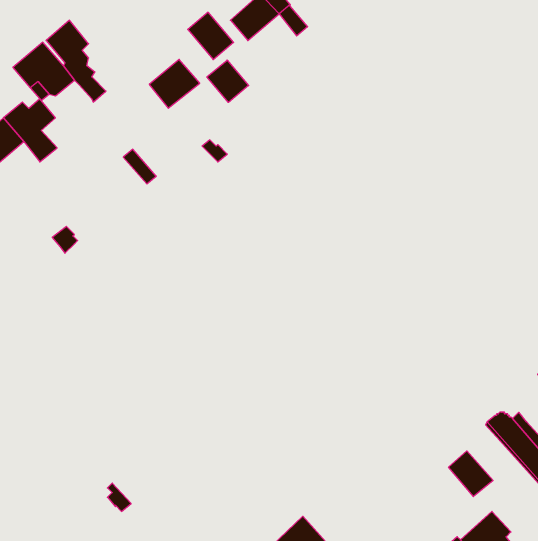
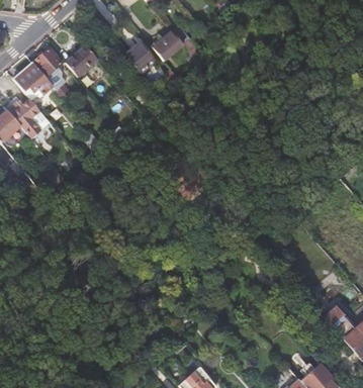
building: [149,59,200,108] -> [66,46,98,78]
building: [207,60,249,102] -> none
building: [449,451,493,497] -> none

